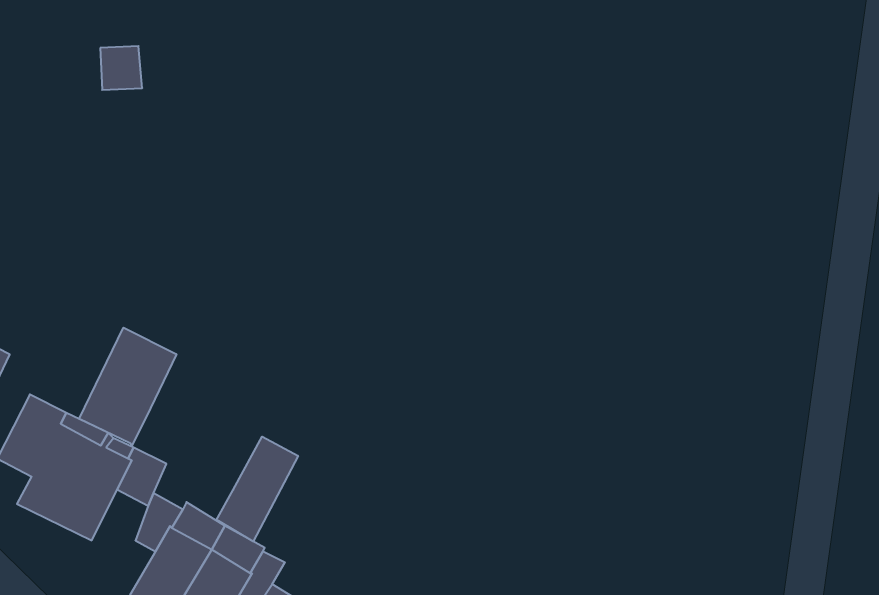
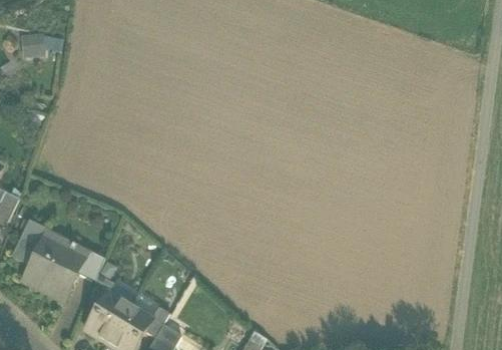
building: [100,46,142,90] -> [22,31,45,55]
building: [79,328,176,445] -> none
building: [216,437,298,541] -> none

